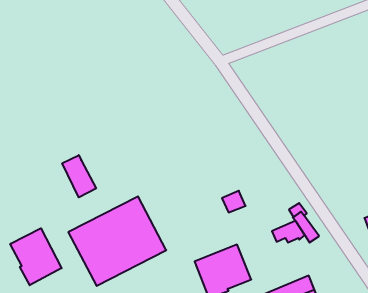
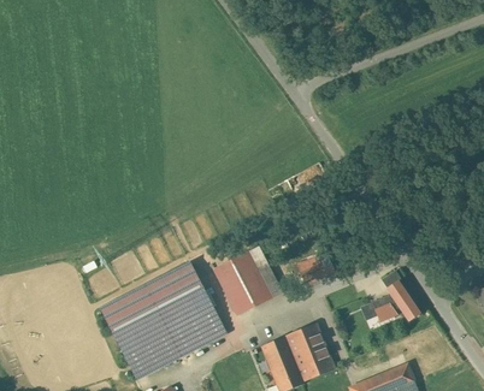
building: [62,155,96,197] -> none
building: none -> [214,253,270,313]
building: [10,228,62,285] -> none

